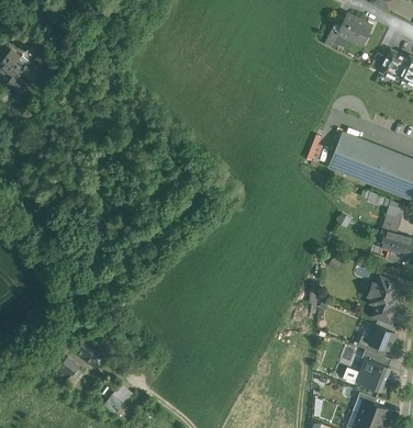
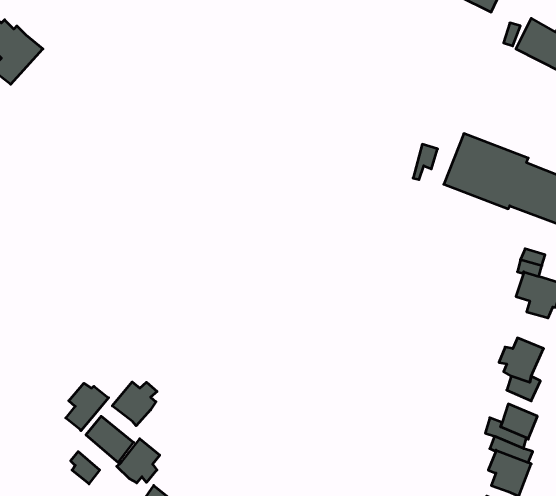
building: none -> [112,382,157,426]
building: none -> [66,383,109,431]
building: none -> [117,439,160,483]

